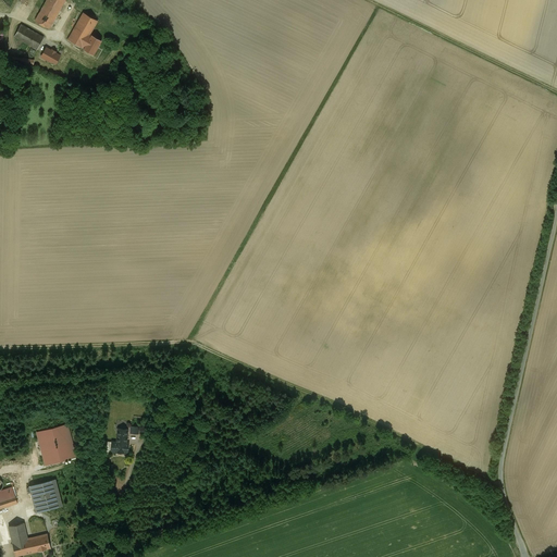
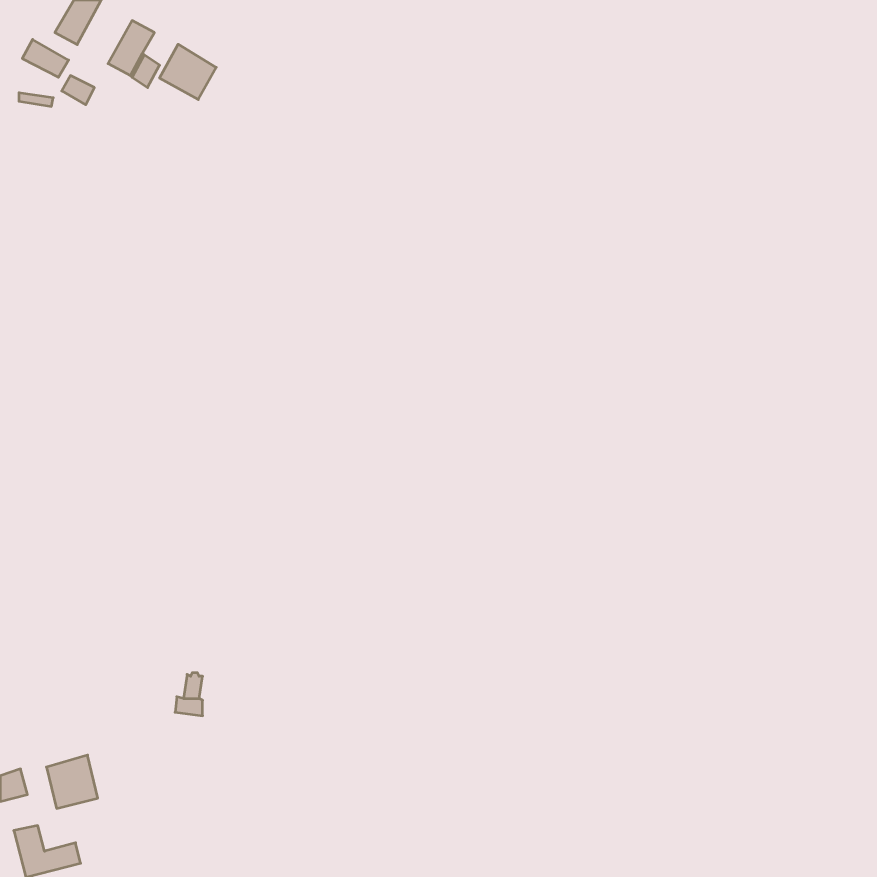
building: none -> [160,44,216,100]
building: [37,424,76,465] -> none

